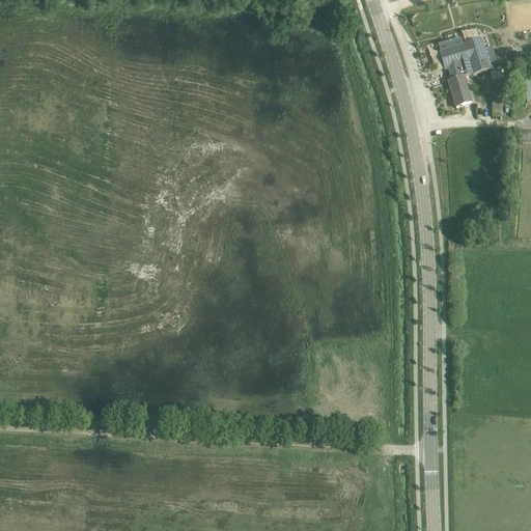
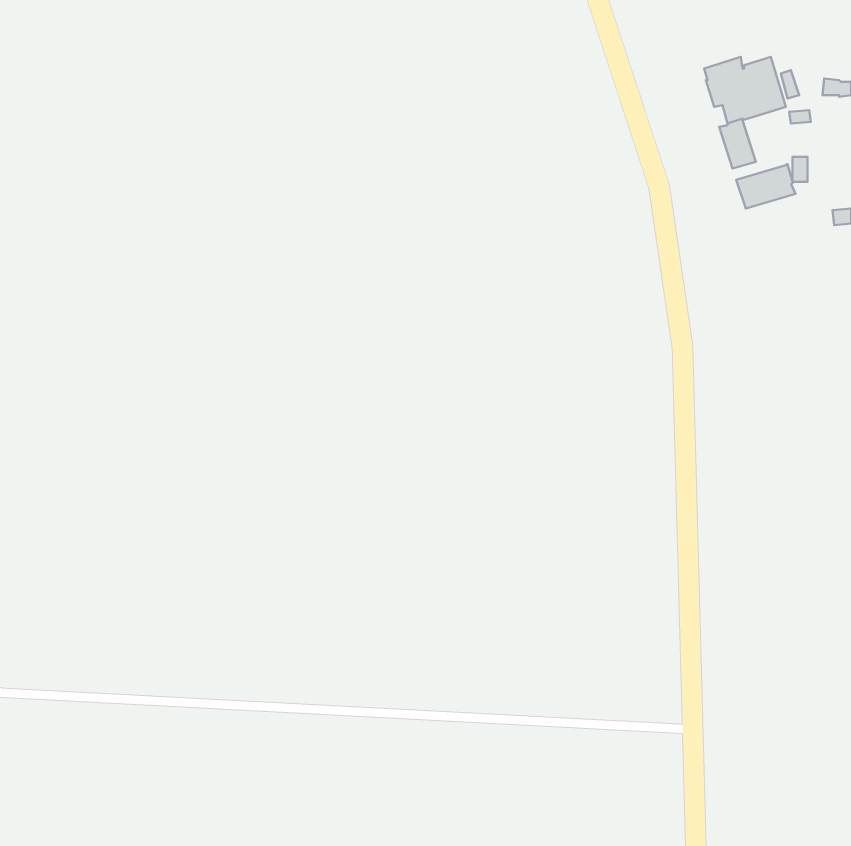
building: none -> [736,164,795,208]

